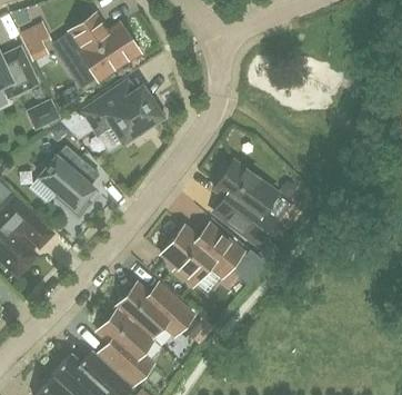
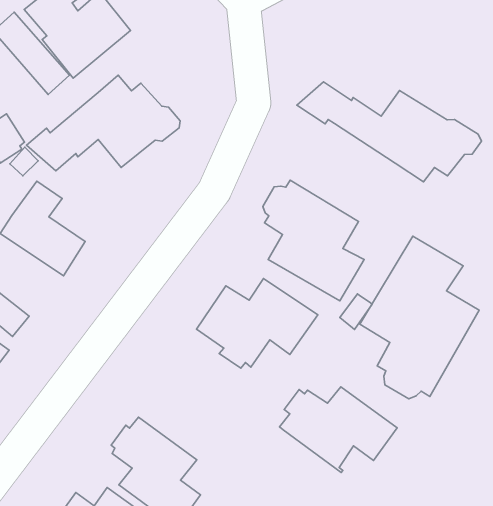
building: none -> [297,82,481,182]
building: none -> [360,236,479,399]
building: [115,283,193,340] -> [279,387,397,472]

